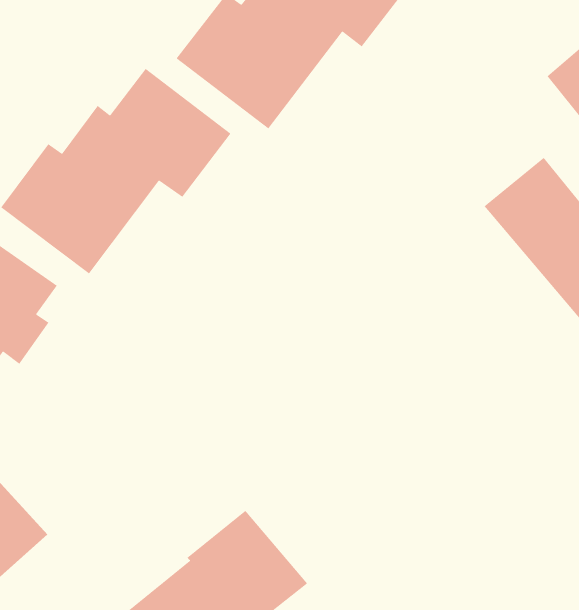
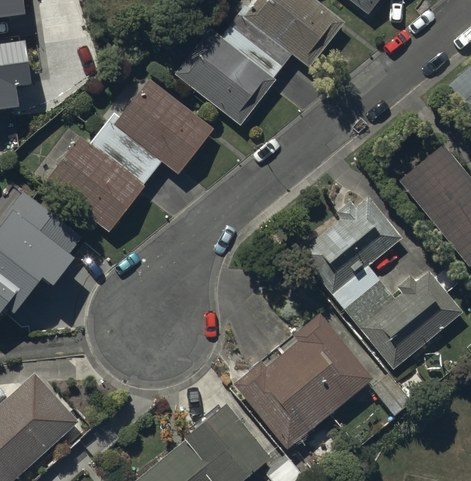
building: none -> [299,197,463,369]
building: none -> [232,313,373,449]

